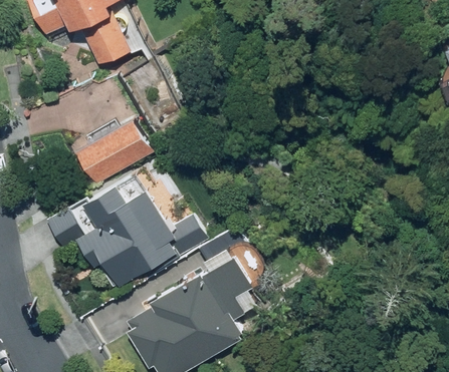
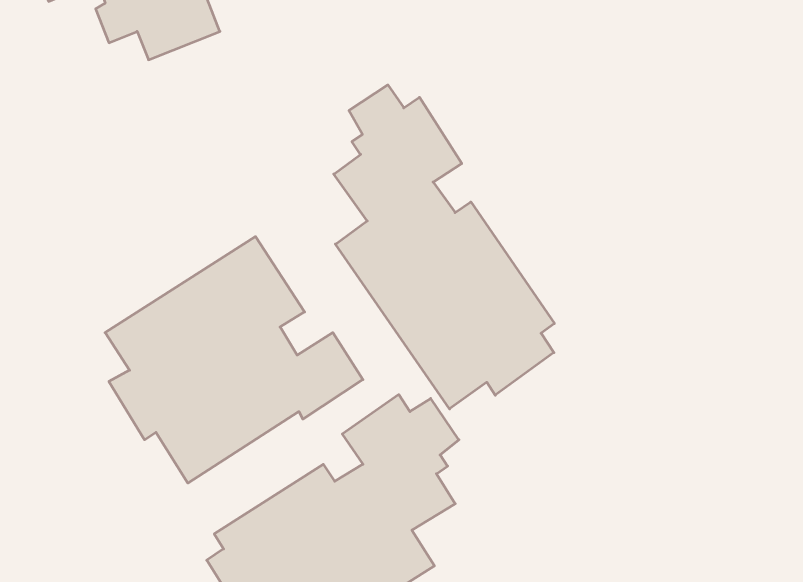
building: none -> [334,85,554,409]
building: [73,116,154,184] -> none

